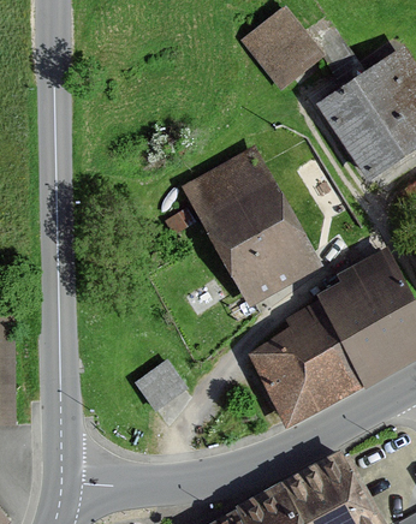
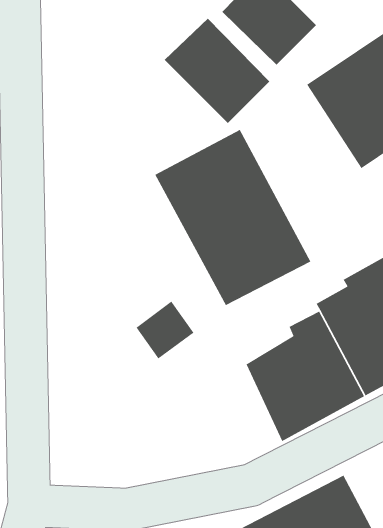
building: none -> [164,18,270,124]
building: [137,361,190,413] -> [135,300,194,360]

